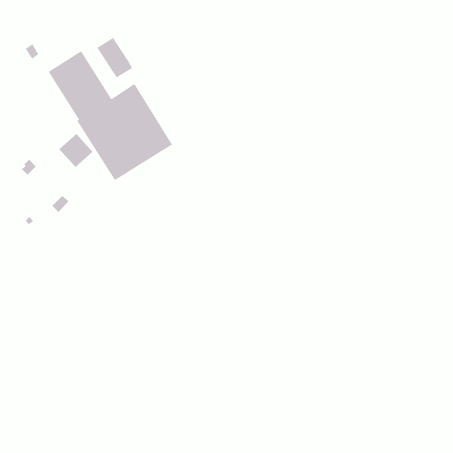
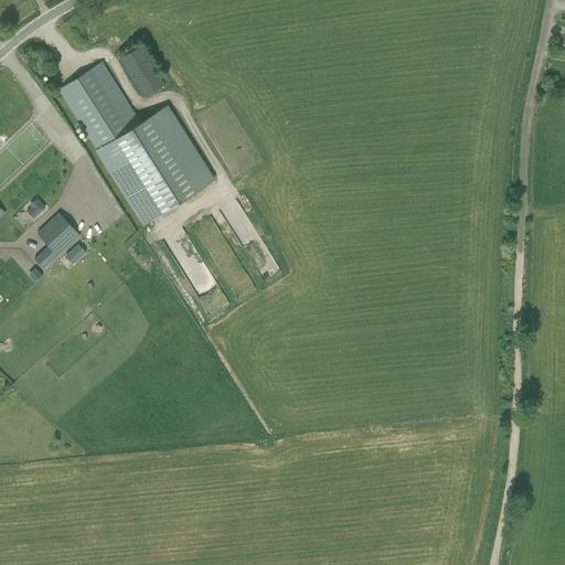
building: [59,133,93,168] -> [38,212,81,255]

